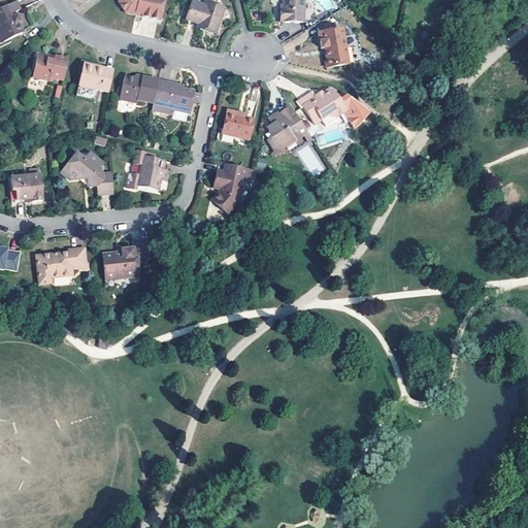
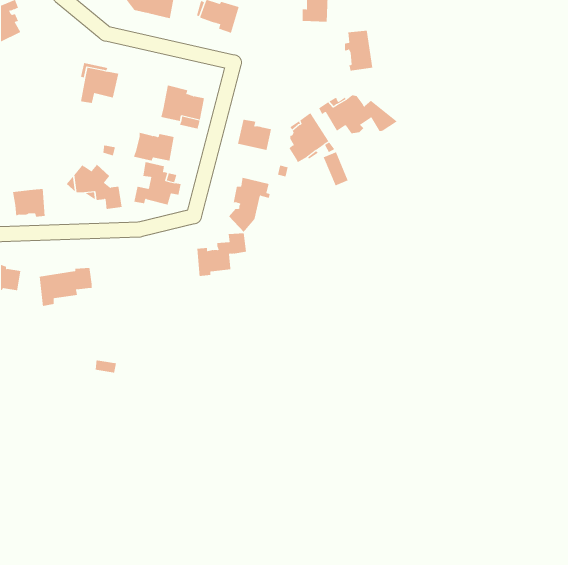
building: [30,54,66,79] -> none
building: [118,74,156,101] -> [133,132,175,161]
building: [104,238,151,278] -> [197,233,247,276]

